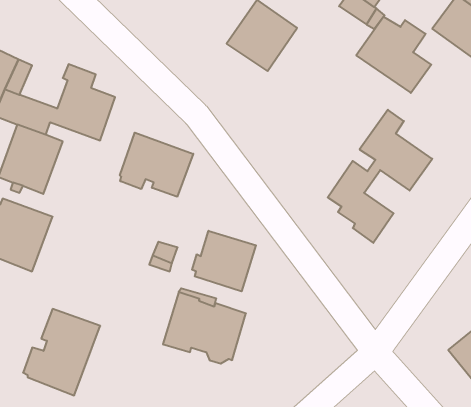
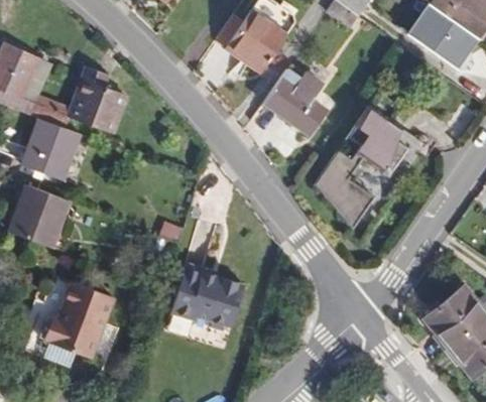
building: [356,17,431,93] -> [262,70,329,137]
building: [120,133,193,197] -> none
building: [192,231,256,291] -> none

